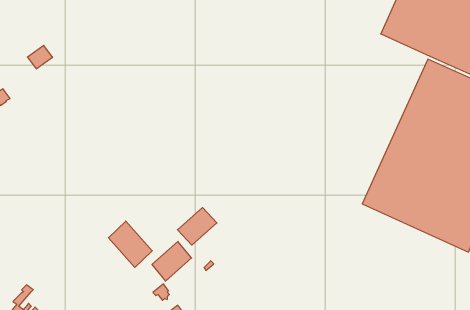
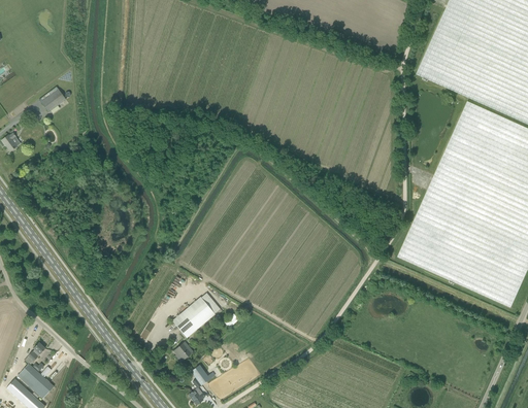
building: [177,208,217,245] -> none
building: [108,221,152,267] -> none

